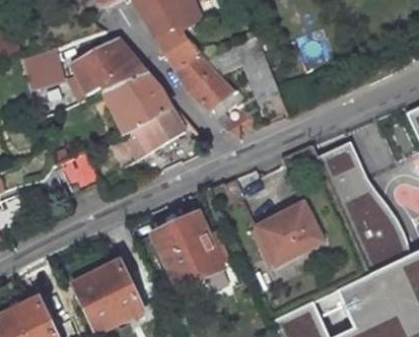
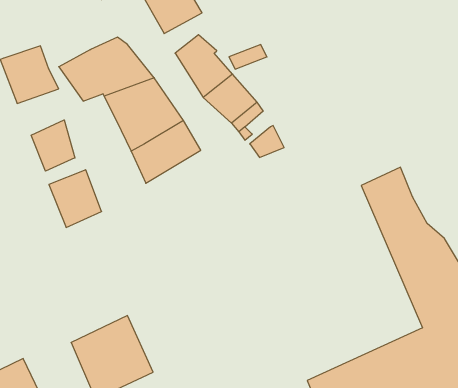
building: none -> [31,120,75,171]
building: [256,205,323,269] -> none
building: [157,219,225,291] -> none

